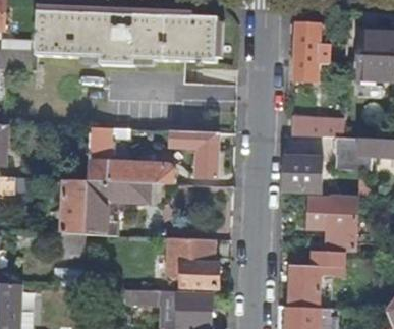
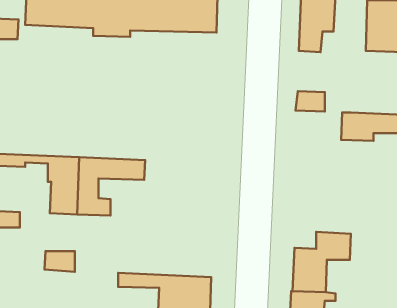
building: [88,126,171,183] -> none
building: [147,128,217,177] -> none
building: [282,156,321,190] -> none
building: [307,195,355,253] -> none
building: [166,236,218,286] -> none

